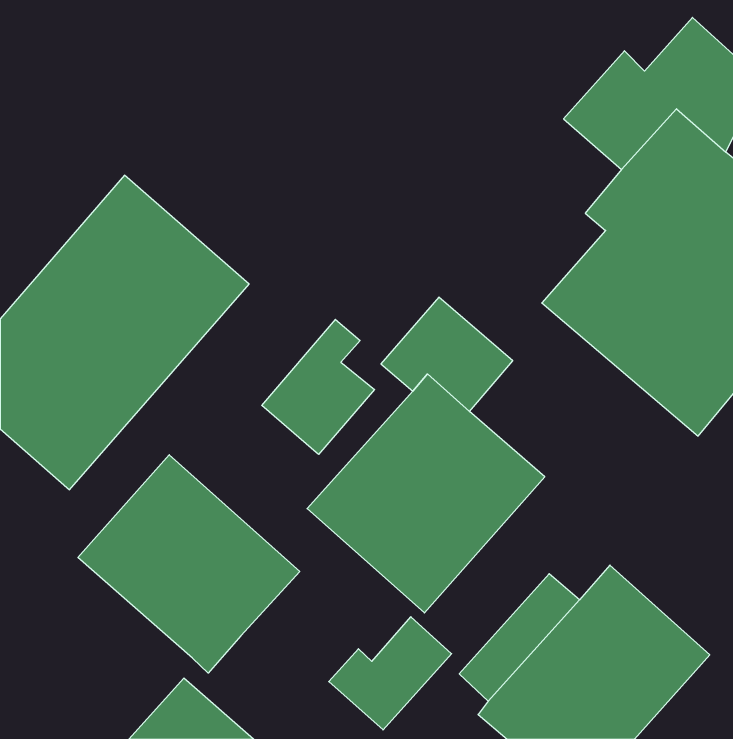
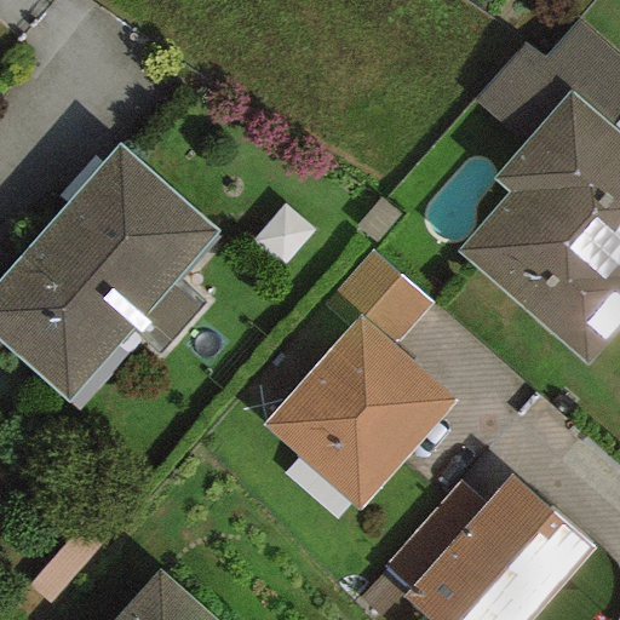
building: [262,319,375,454] -> none
building: [78,455,300,673] -> none
building: [329,617,452,730] -> none

